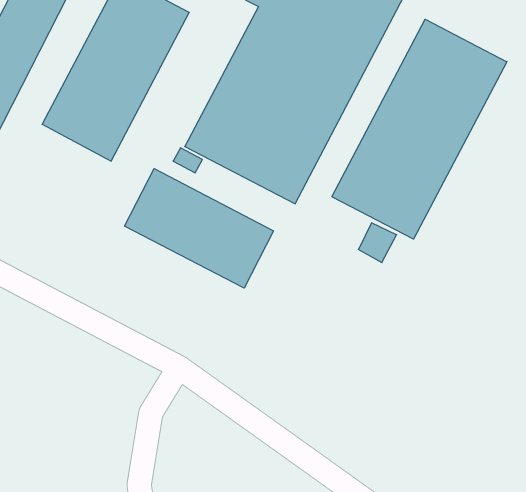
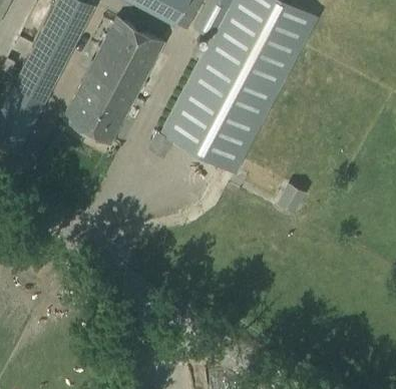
building: [332,19,507,239] -> none
building: [125,169,273,288] -> none

